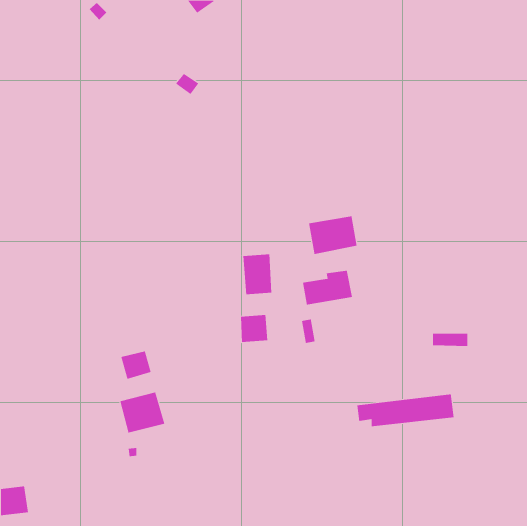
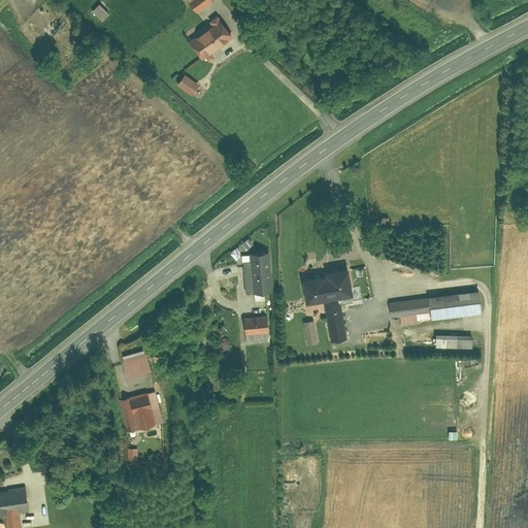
building: none -> [191,18,231,64]
building: [308,215,357,255] -> none
building: [356,394,454,427] -> [384,290,482,323]

